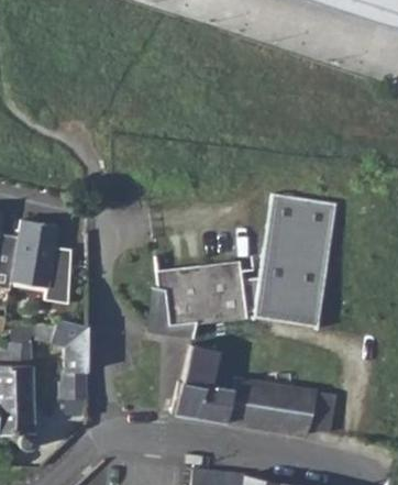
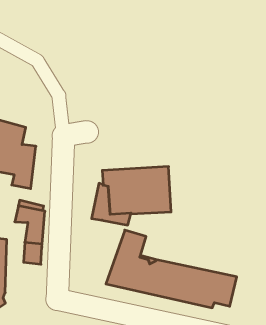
building: [255,197,336,330] -> none

